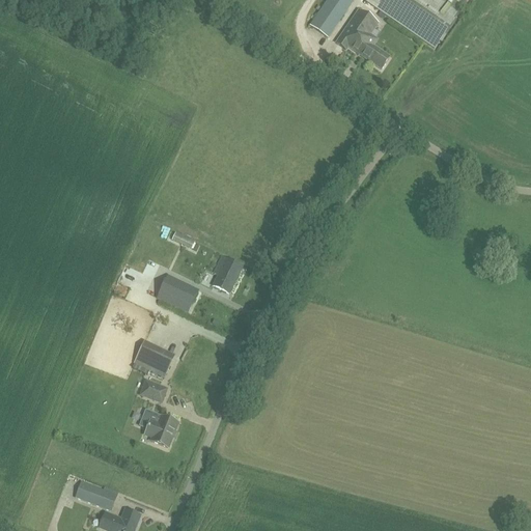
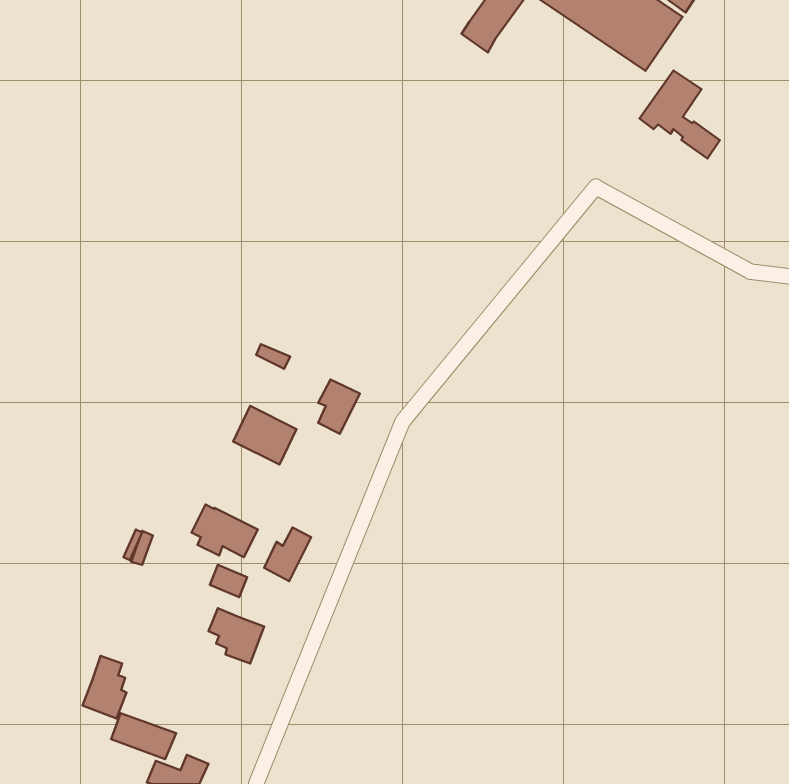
building: [336,8,390,67] -> [640,71,720,159]
building: none -> [264,528,311,581]
building: none -> [83,656,126,719]

